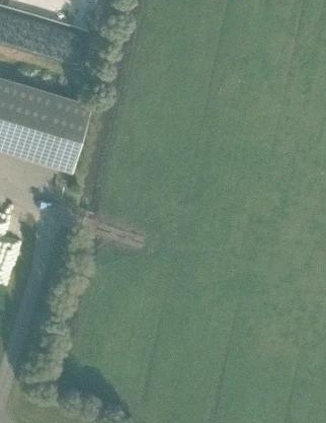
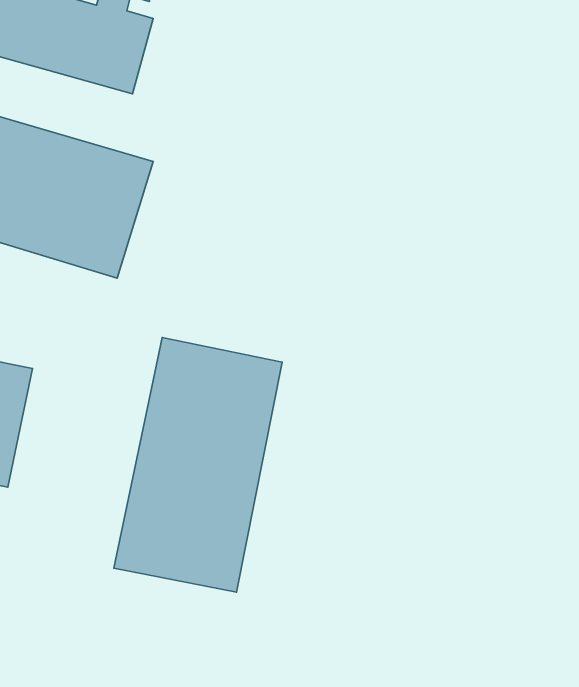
building: none -> [114,338,282,592]

